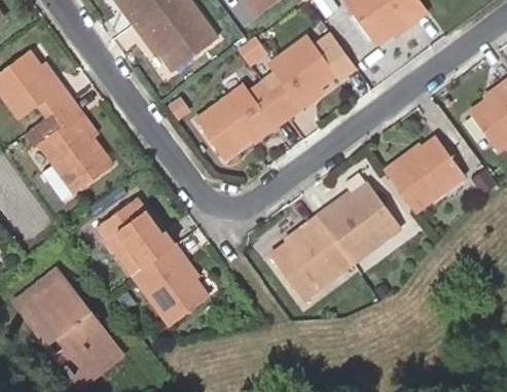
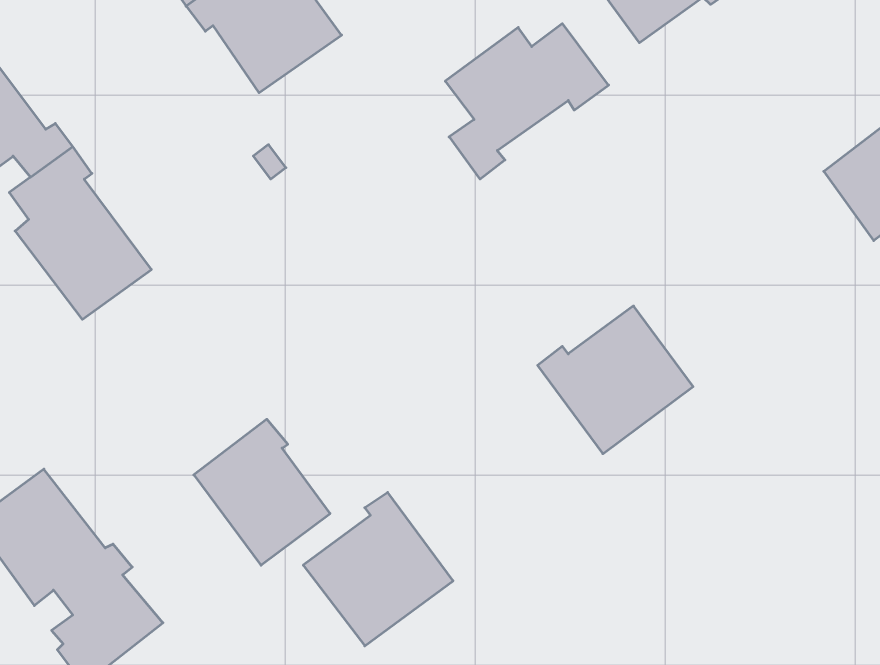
building: [197,82,288,155] -> none
building: [386,137,465,211] -> none
building: [99,199,174,275] -> none
building: [274,216,354,298] -> [303,492,453,646]

